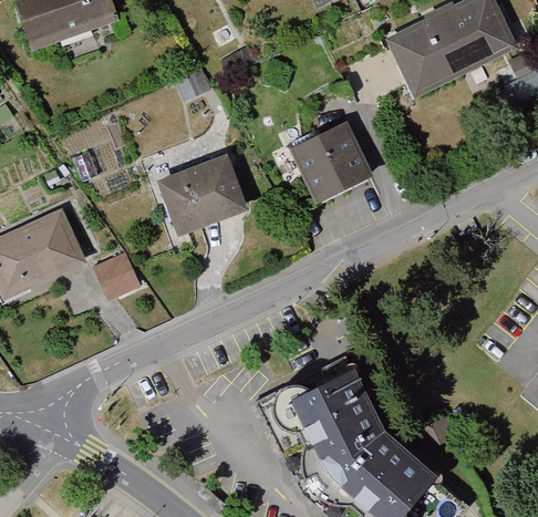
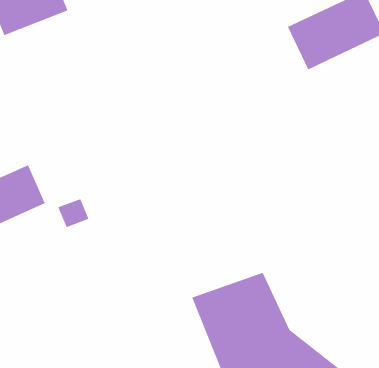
building: [293,123,369,196] -> none
building: [157,155,242,234] -> none

